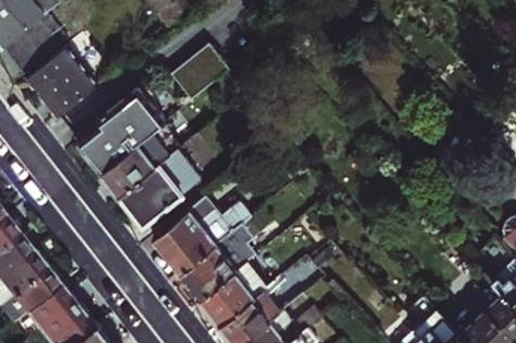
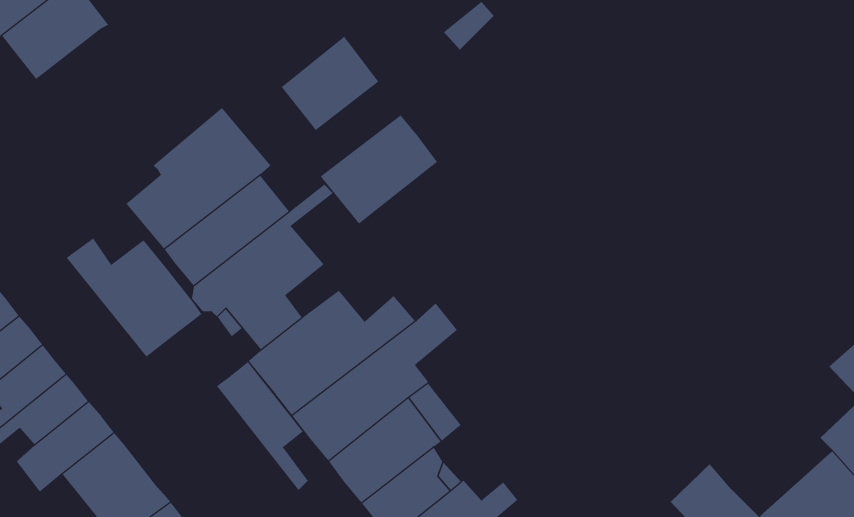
building: [23,46,95,120] -> none
building: none -> [320,114,438,225]
building: none -> [66,237,202,358]
building: none -> [216,361,309,491]

